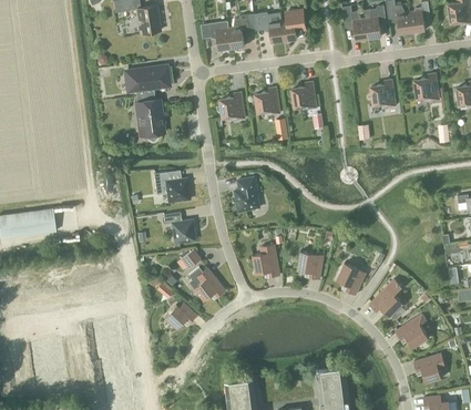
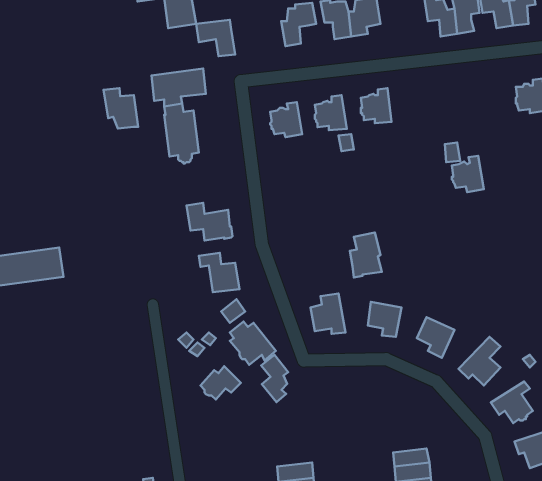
building: [202,20,233,49] -> [196,20,235,56]
building: [371,79,397,107] -> [452,156,484,192]
building: none -> [103,88,138,129]
building: [235,176,260,212] -> [350,233,382,277]
building: none -> [261,355,288,402]

